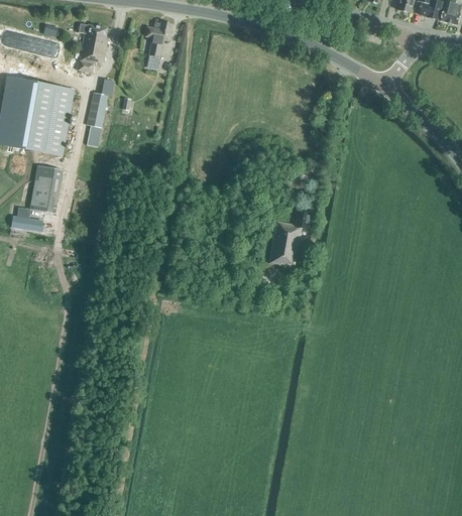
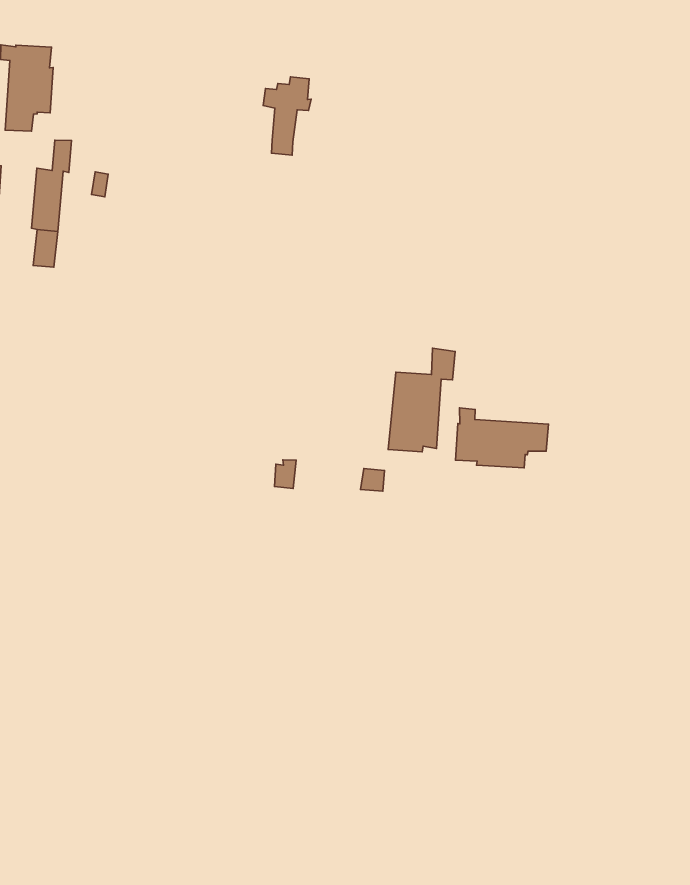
building: [145,22,171,64] -> [263,77,311,155]
building: none -> [455,408,548,468]

